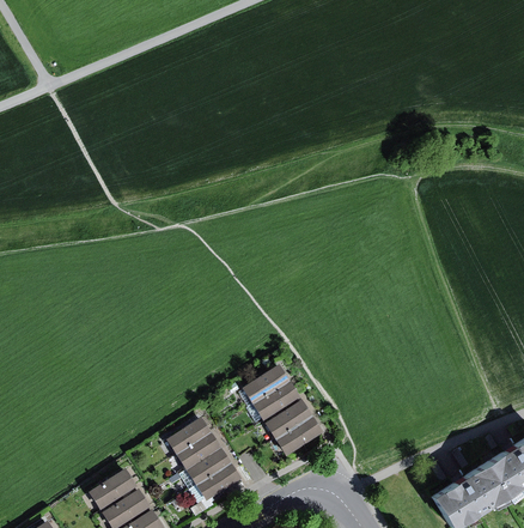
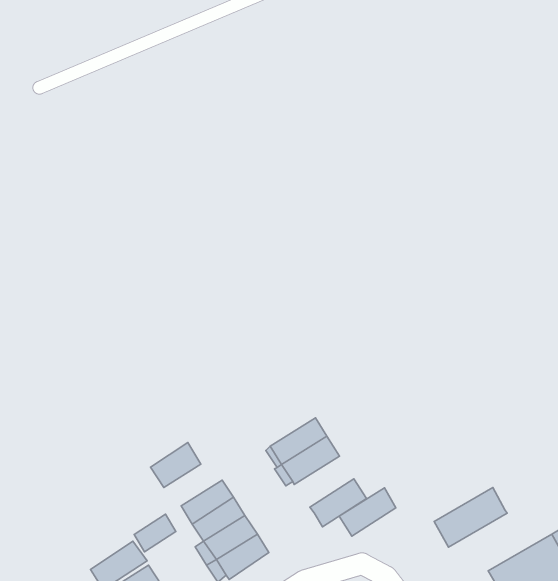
building: none -> [150,443,201,488]
building: [266,399,313,439] -> [339,488,396,536]
building: none -> [434,487,507,547]
building: none -> [134,514,176,552]

